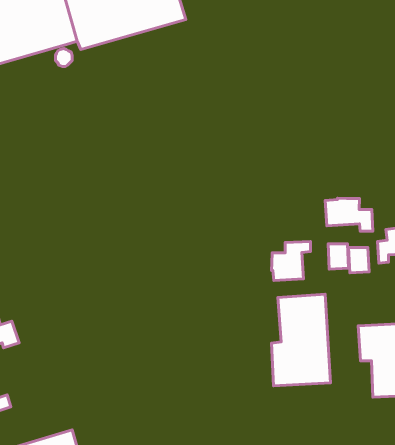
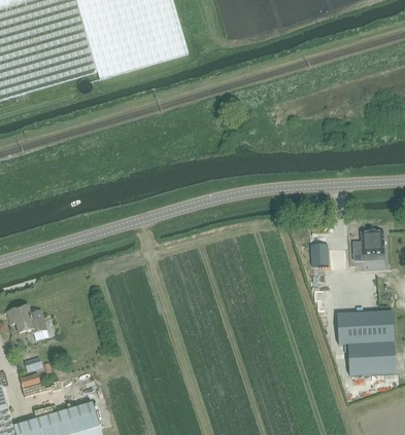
building: [325,198,373,231] -> none
building: [271,241,311,280] -> none
building: [272,294,330,386] -> none

